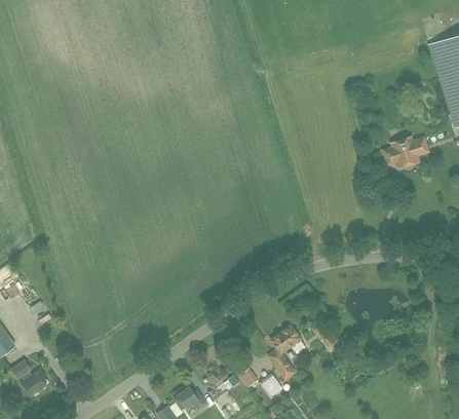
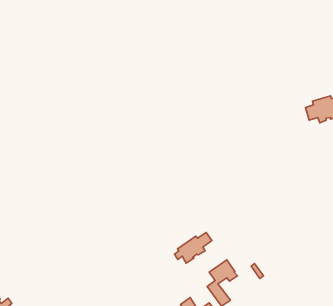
building: none -> [174,233,212,263]

